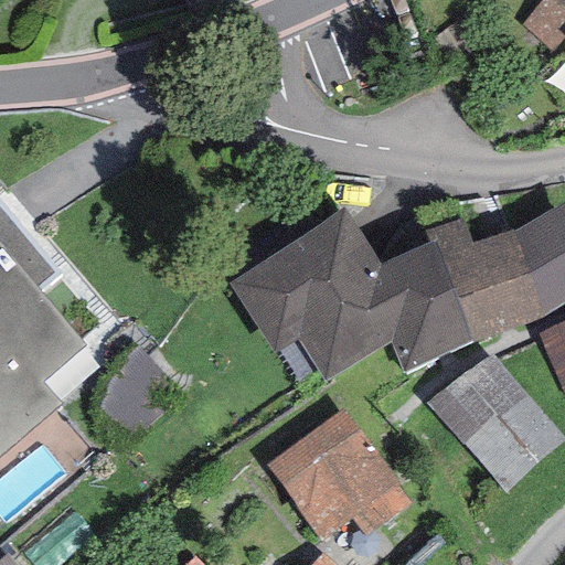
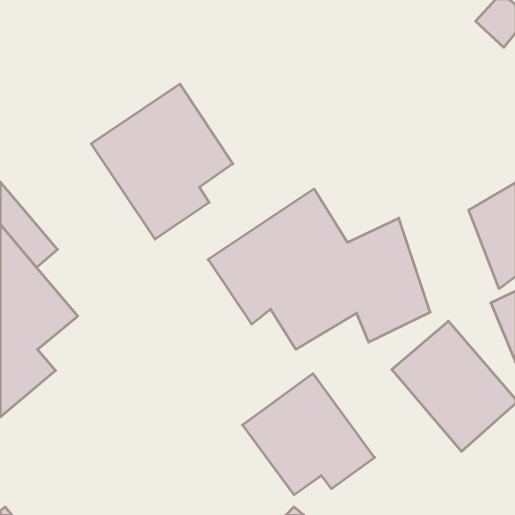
building: none -> [91,84,233,239]
building: [426,216,546,341] -> none

